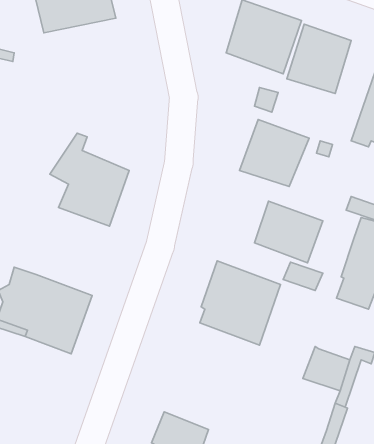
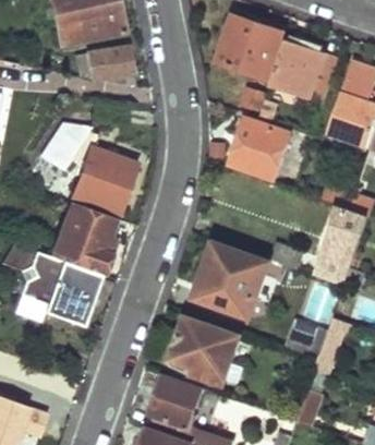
building: none -> [87,45,131,79]
building: none -> [45,122,89,167]
building: [254,201,323,263] -> none
building: none -> [51,203,122,274]
building: none -> [169,316,241,386]

